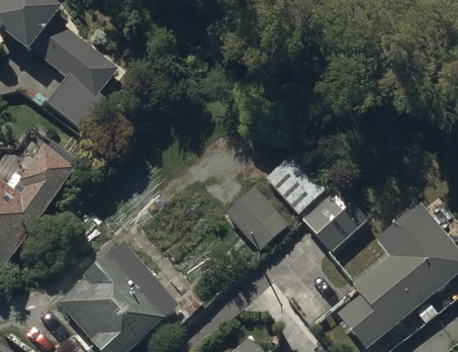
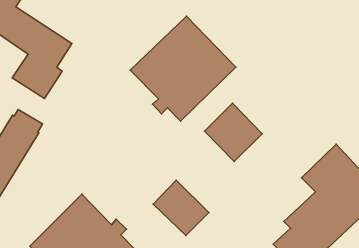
building: none -> [130,16,236,121]
building: [226,184,290,249] -> [153,180,209,236]
building: [300,186,370,252] -> none

